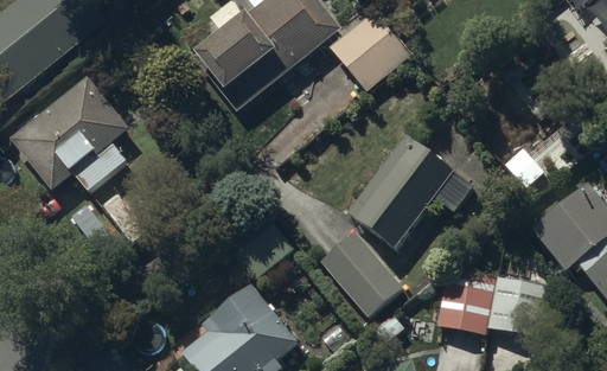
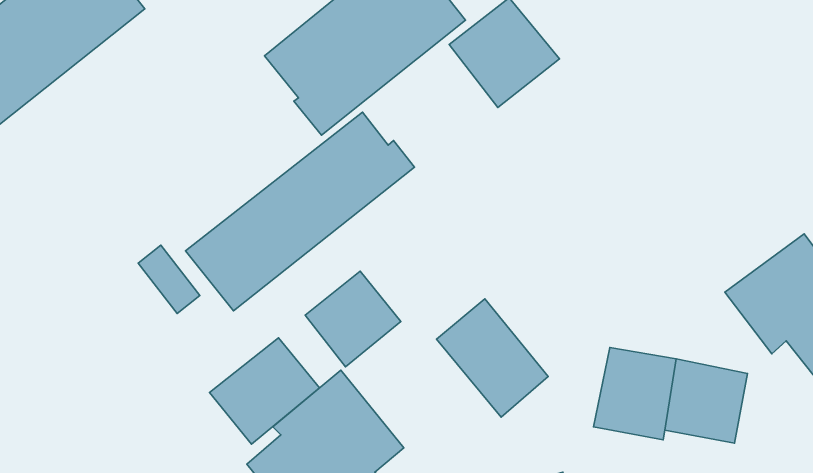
building: [9,76,129,191] -> none
building: none -> [185,112,414,311]
building: [347,135,473,248] -> none
building: none -> [209,338,320,444]

